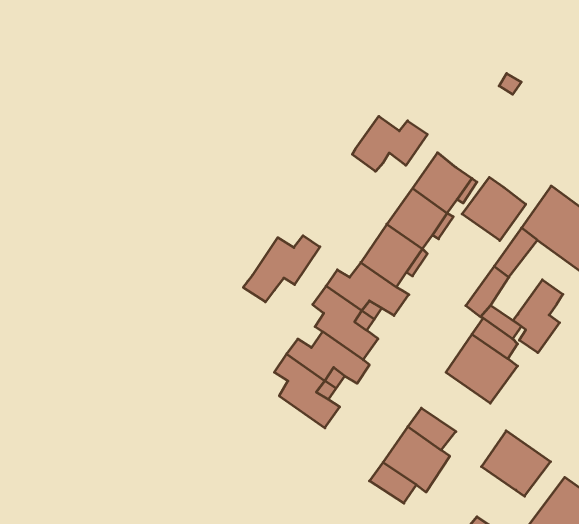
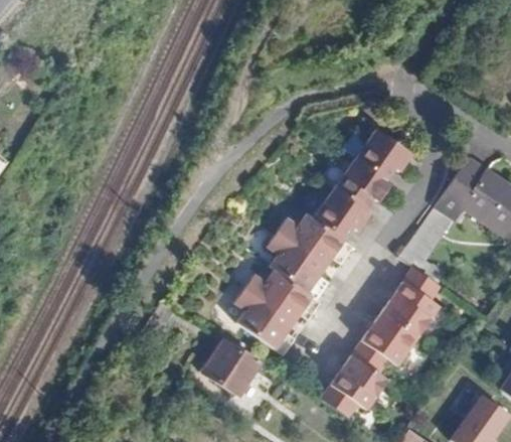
building: [352,116,427,171] -> none
building: [462,177,526,241] -> none
building: [243,236,320,302] -> none
building: [513,280,563,353] -> none
building: none -> [202,341,258,394]
building: [481,431,551,496] -> [363,309,419,362]

